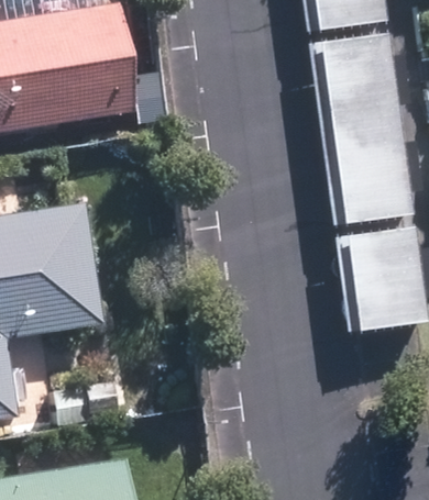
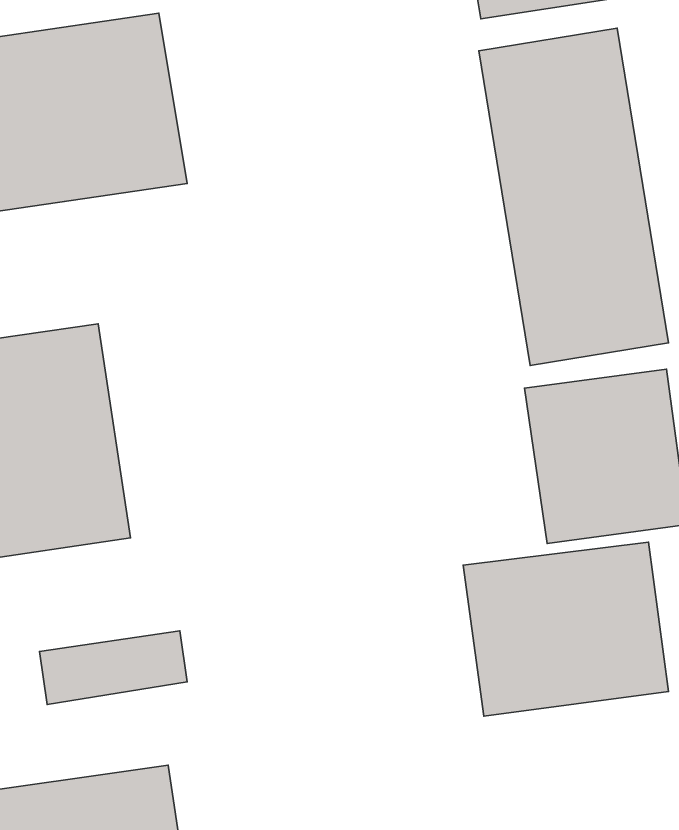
building: none -> [463,542,668,716]

